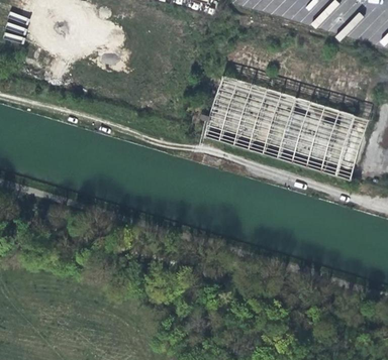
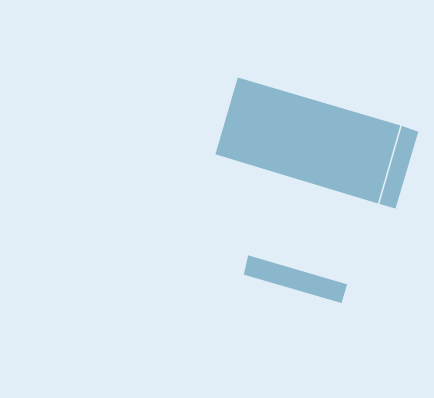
building: none -> [243,254,348,304]

